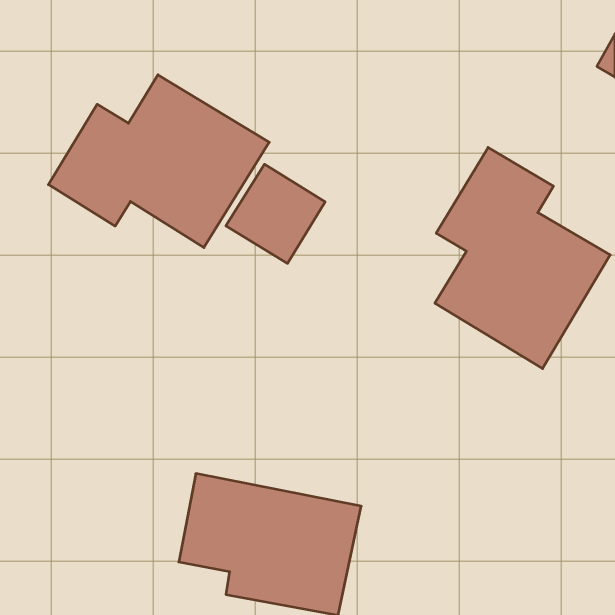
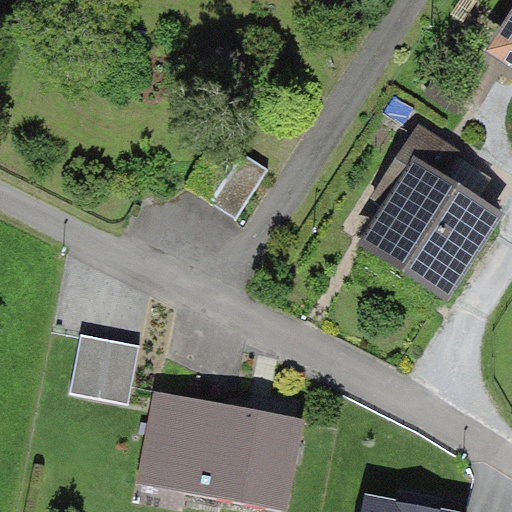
building: [48,75,269,248] -> none
building: none -> [71,333,140,401]

